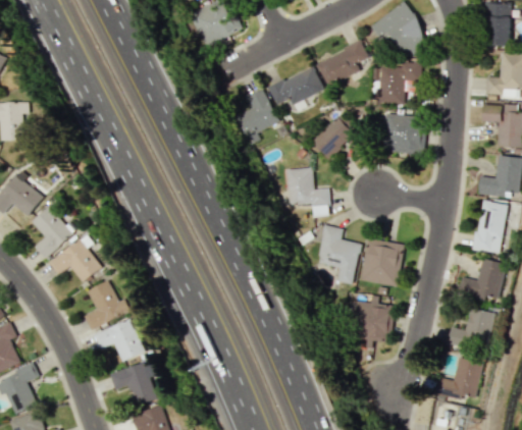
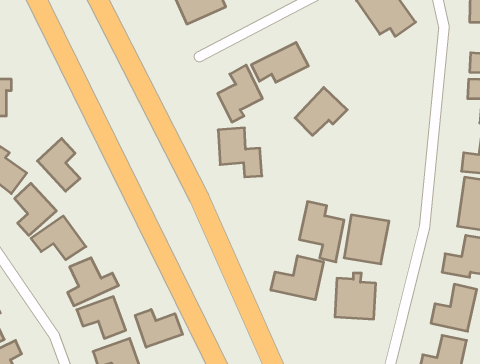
building: [317,42,372,83] -> none
building: [378,61,422,104] -> none
building: [383,114,423,153] -> none
building: none -> [37,138,80,191]
building: [286,167,330,216] -> [218,128,262,177]
building: none -> [271,256,323,300]
building: none -> [135,309,183,347]

